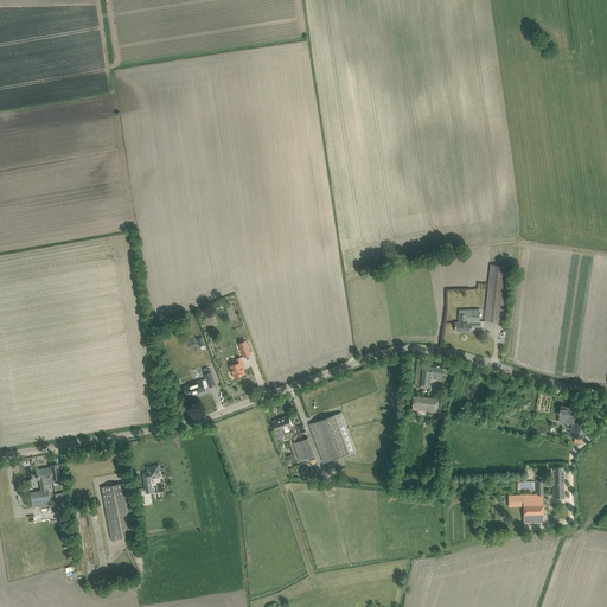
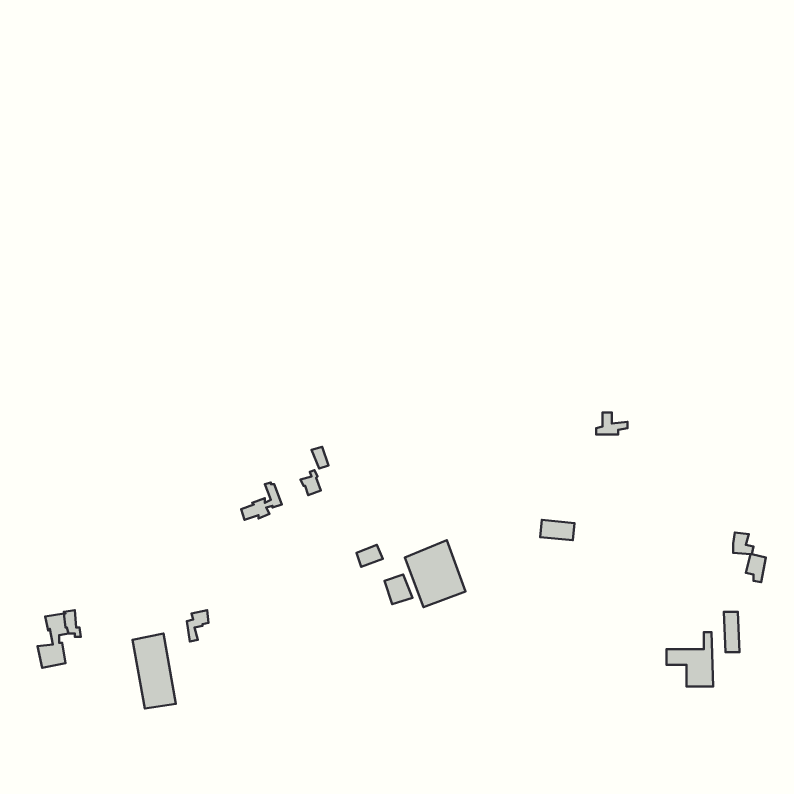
building: [484,264,507,324] -> none
building: [414,364,442,388] -> none

